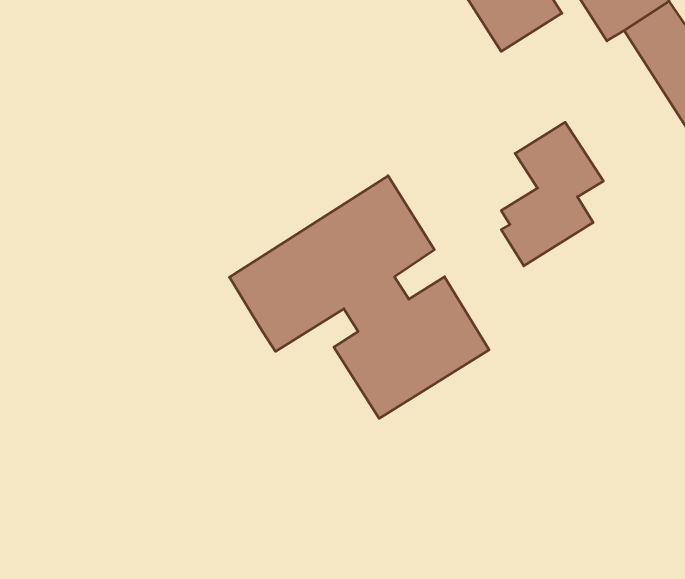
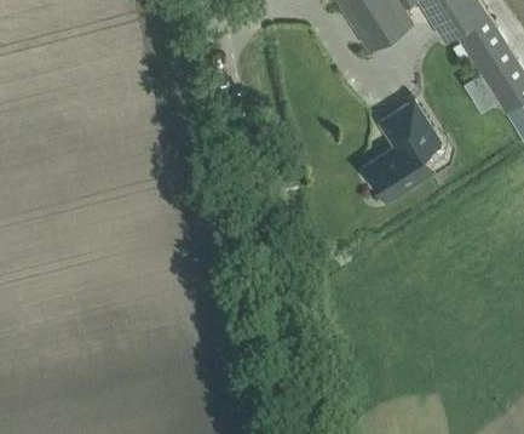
building: [229,176,489,418] -> none

